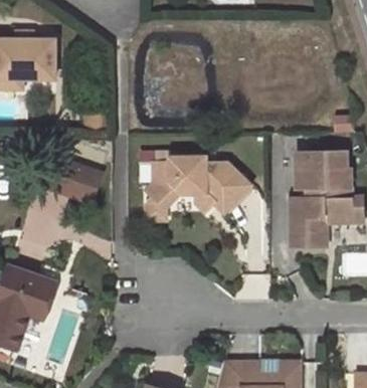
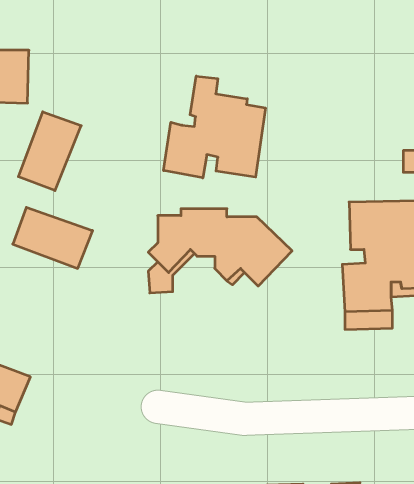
building: none -> [164,76,265,178]
building: none -> [18,112,81,191]

